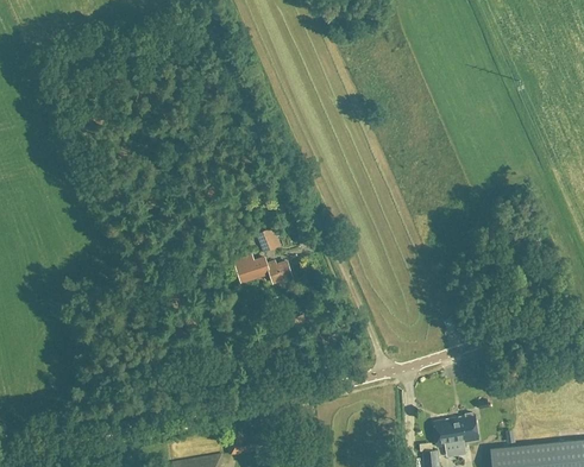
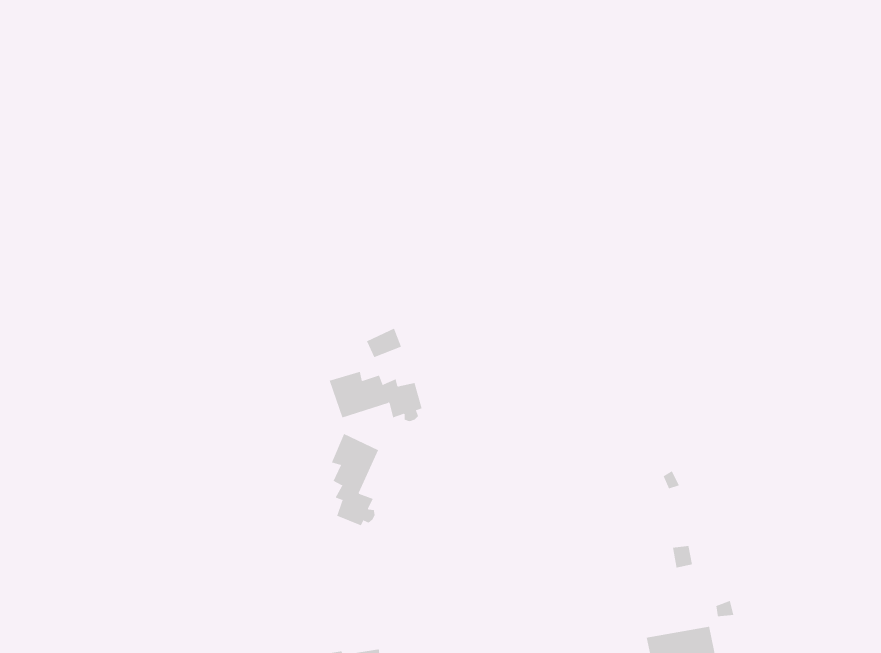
building: none -> [331,433,379,526]

